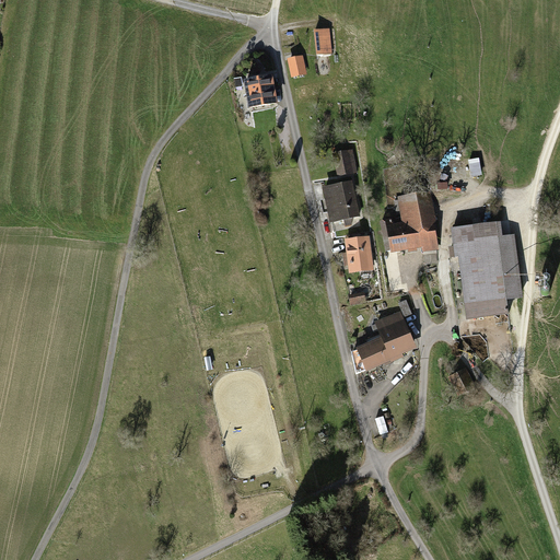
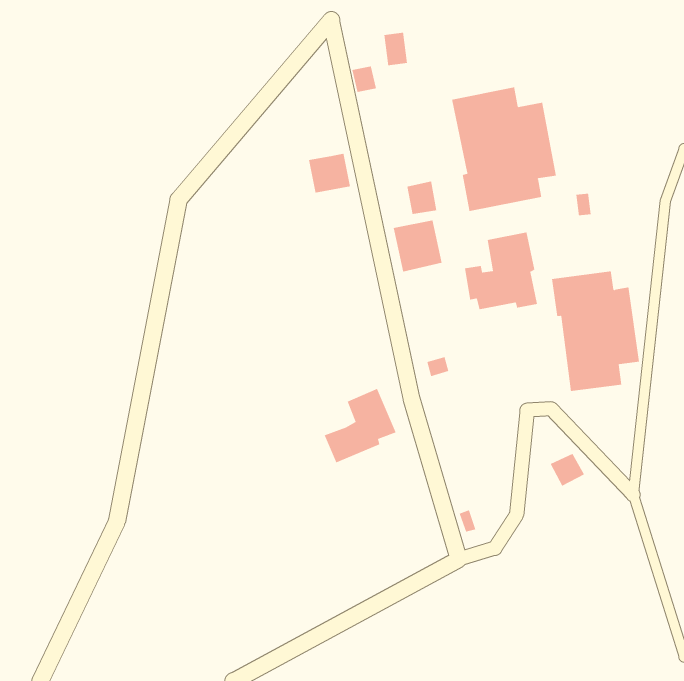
building: none -> [451,87,557,212]
building: [243,75,278,108] -> [308,153,351,193]
building: [343,235,373,271] -> none
building: [355,310,415,371] -> [324,388,396,463]

